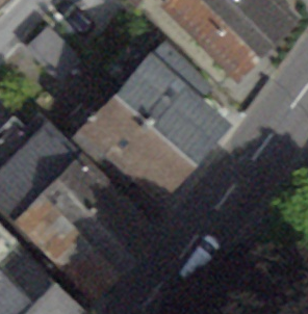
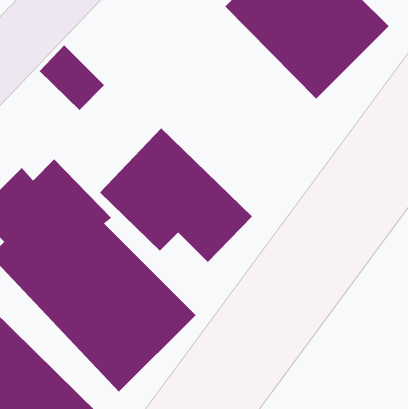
building: [121,50,221,162] -> none

